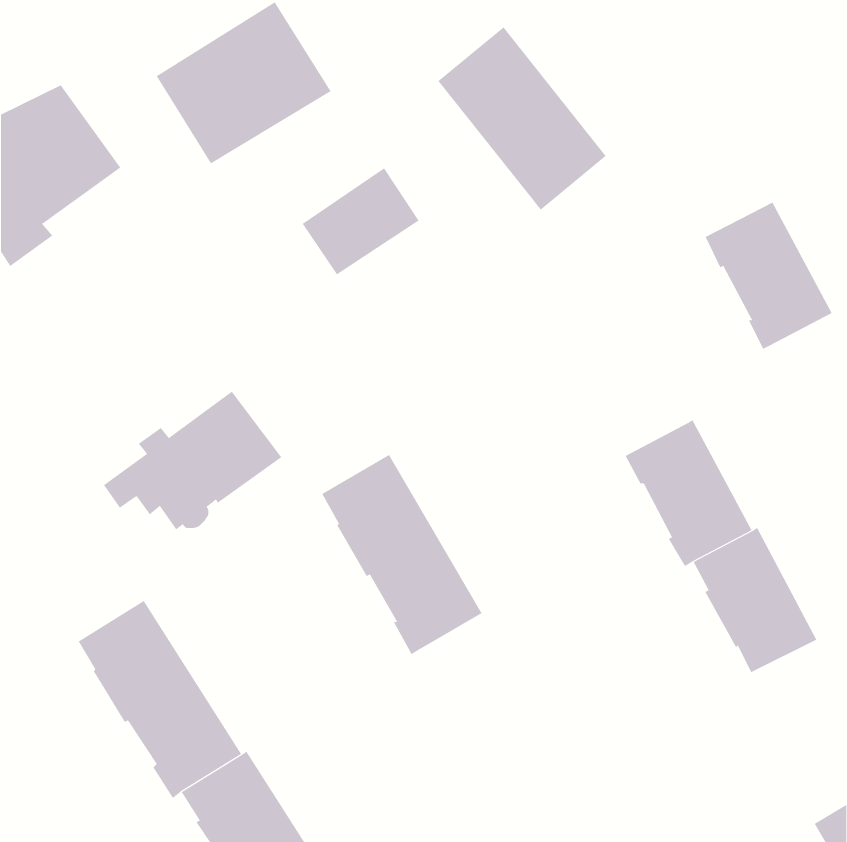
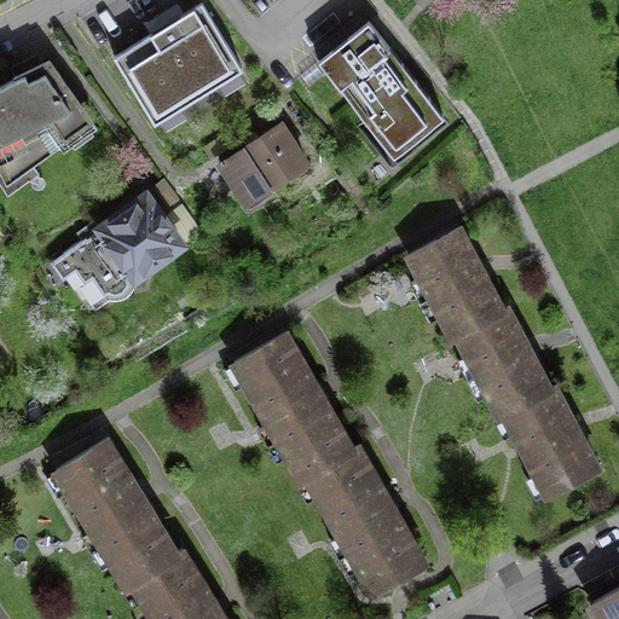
building: [705,202,832,350] -> [409,231,502,339]
building: [103,391,282,530] -> [51,196,181,297]
building: none -> [306,447,424,594]

